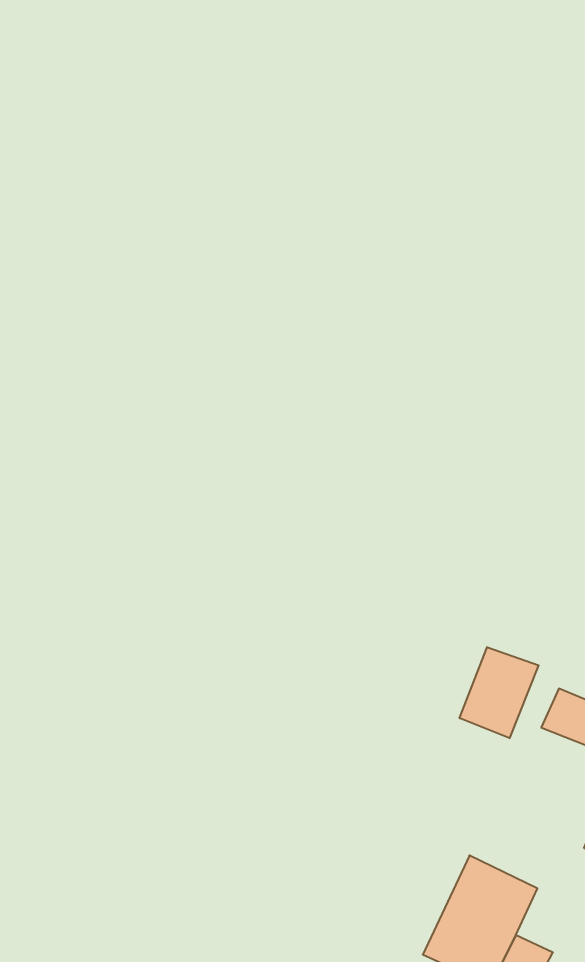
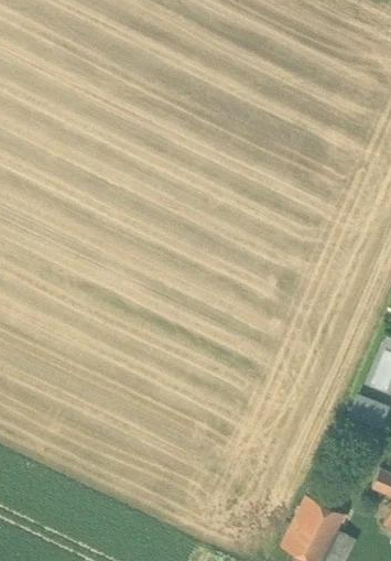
building: [460,647,539,738] -> none

